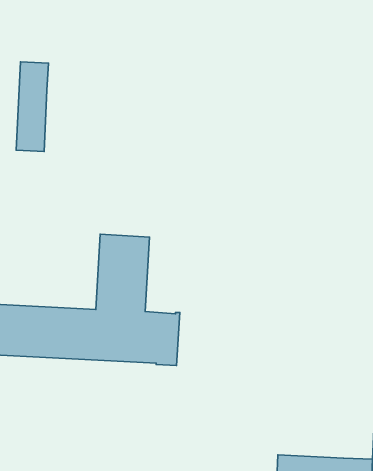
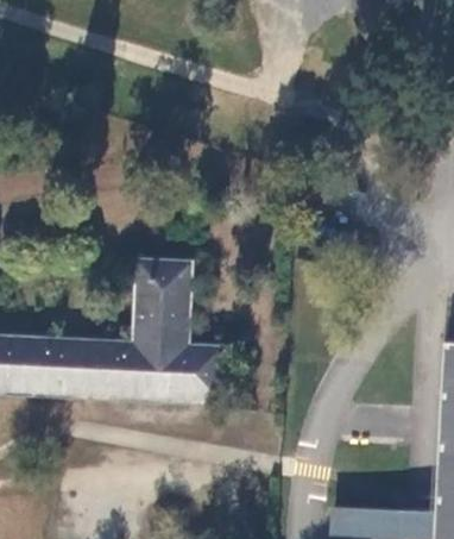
building: [16,62,49,152] -> none

